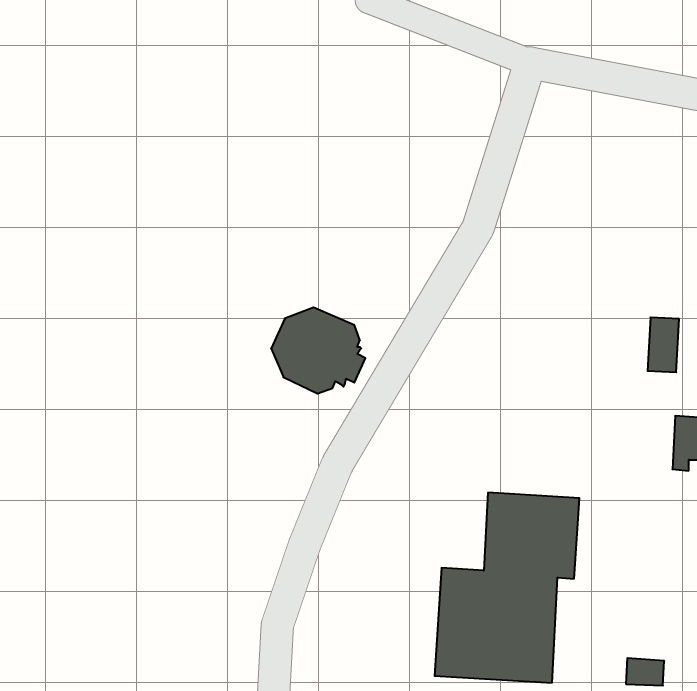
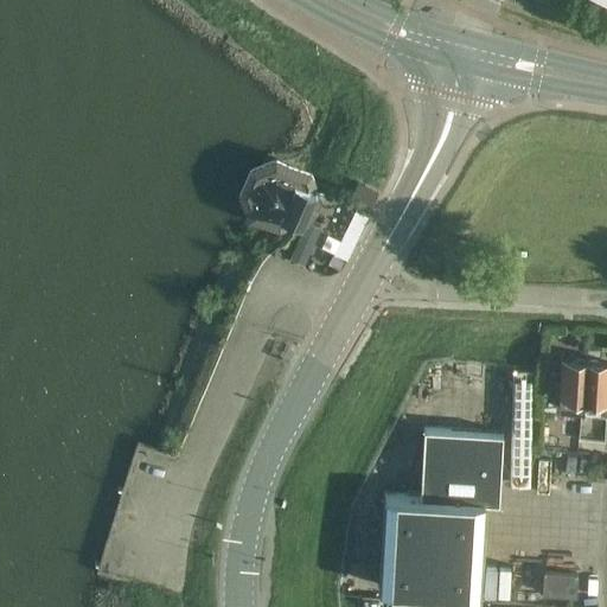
building: [271,307,365,394] -> [239,164,321,238]
building: [648,317,679,372] -> [560,366,587,414]

